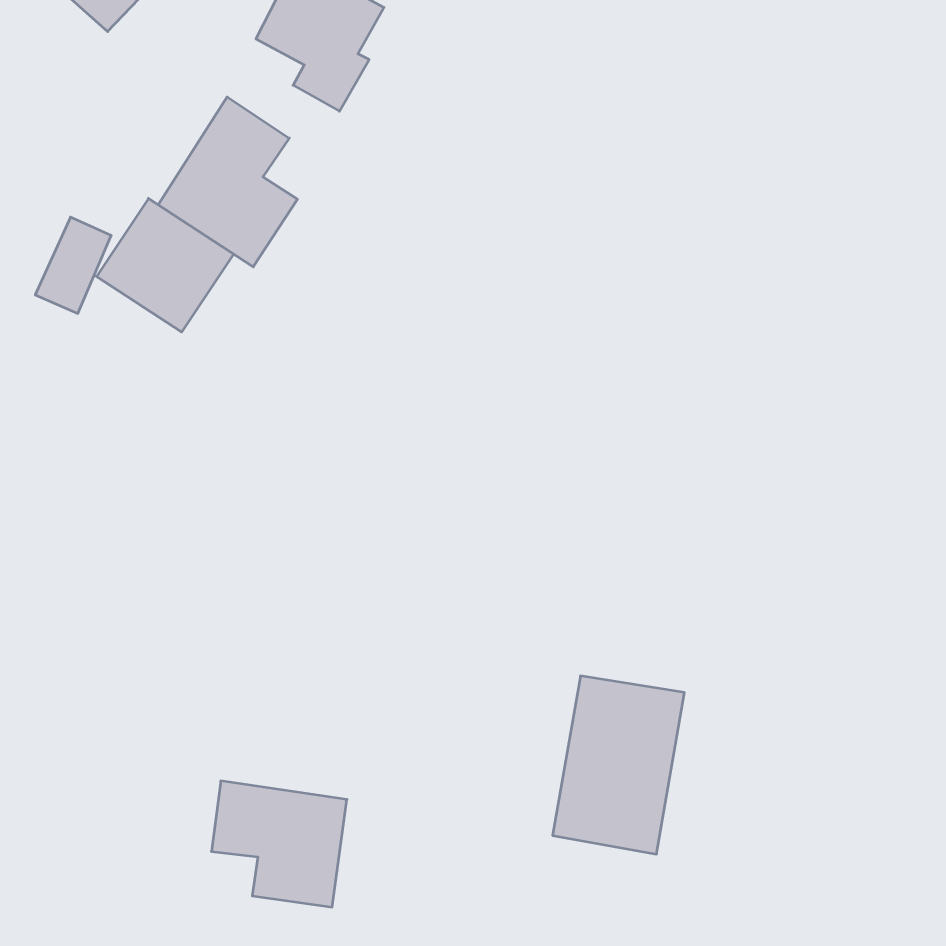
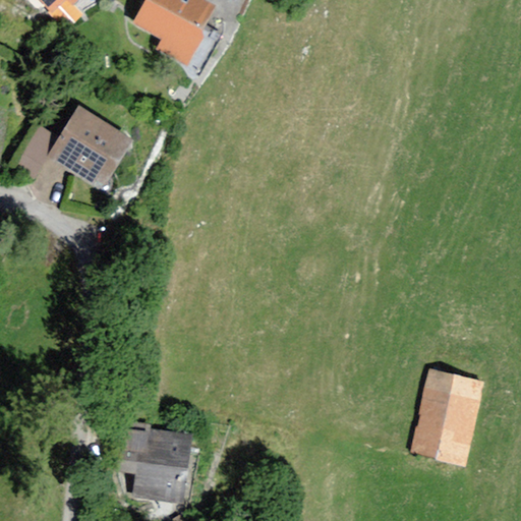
building: [158,97,297,267] -> none
building: [553,676,684,854] -> [410,370,482,468]

